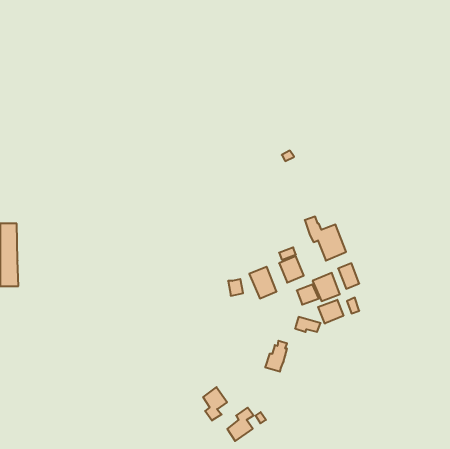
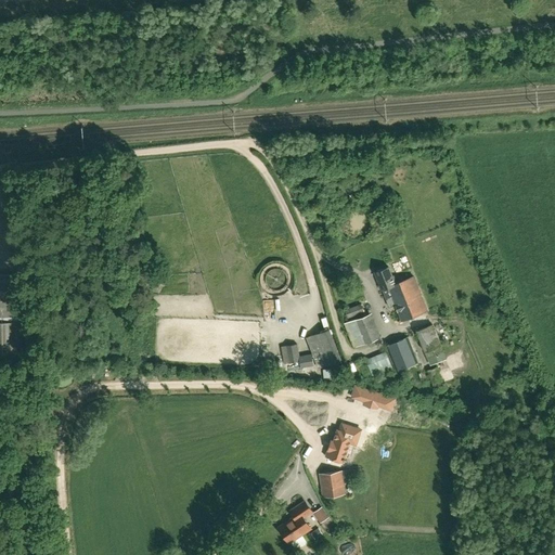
building: [318,300,343,324] -> none
building: none -> [320,469,354,498]
building: [203,387,227,421] -> none

